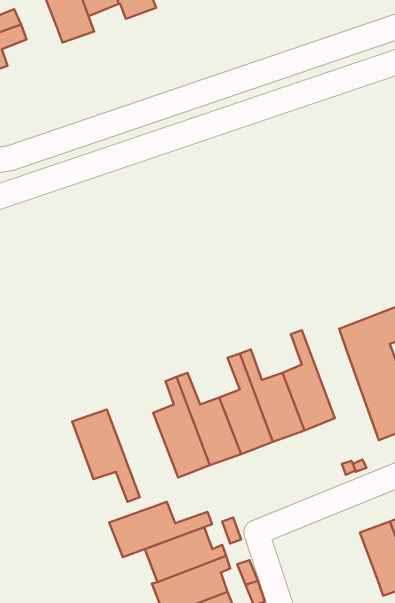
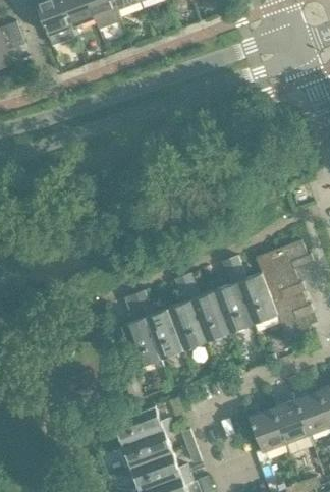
building: none -> [229,256,286,340]
building: [72,409,140,502] -> none
building: [109,502,212,557] -> none
building: none -> [250,408,285,452]

